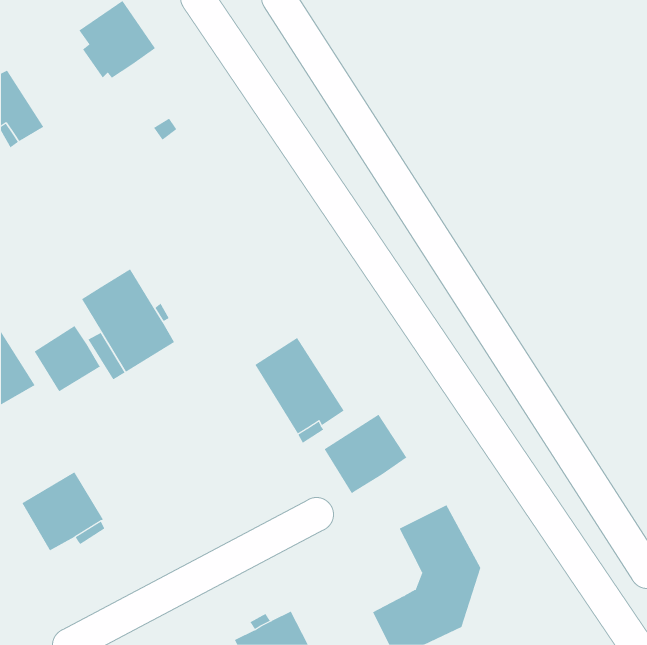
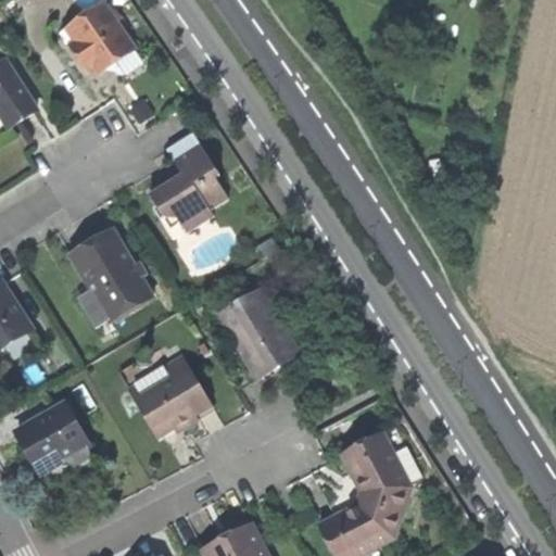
building: none -> [149,131,227,230]
building: [34,325,101,392] -> none
building: none -> [135,354,212,434]
building: [324,414,407,494] -> none

